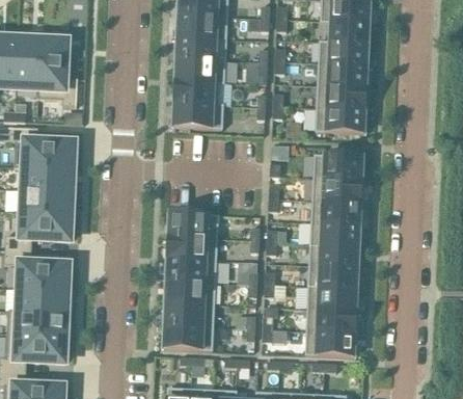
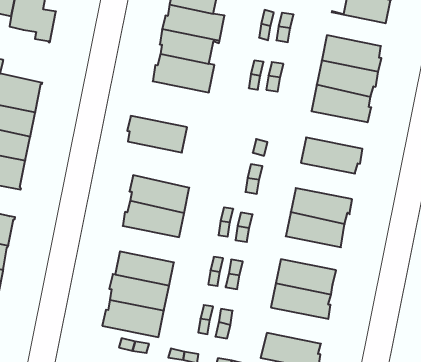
building: [319,41,369,63] -> none
building: [312,177,364,202] -> none
building: [309,243,360,266] -> none
building: [165,257,217,282] -> [127,116,187,153]
building: [307,308,359,332] -> none

